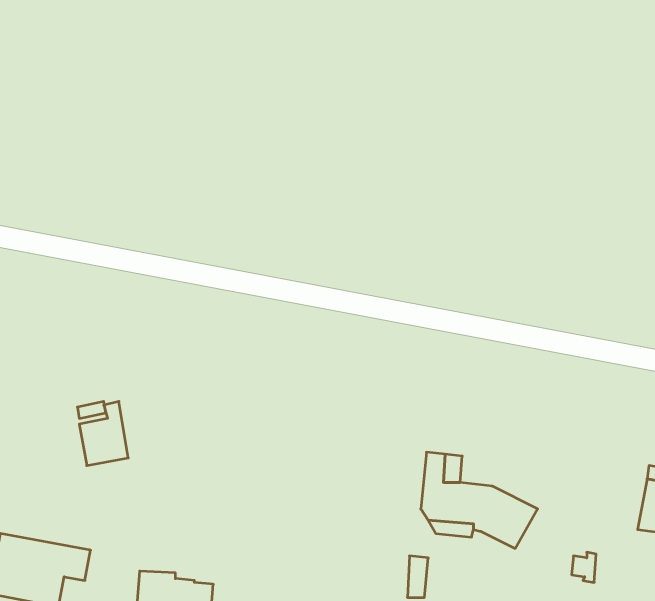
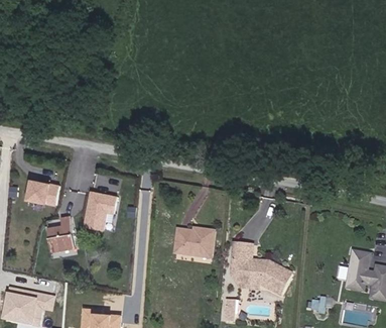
building: none -> [24,177,49,202]
building: none -> [83,190,117,229]
building: none -> [175,229,215,257]

